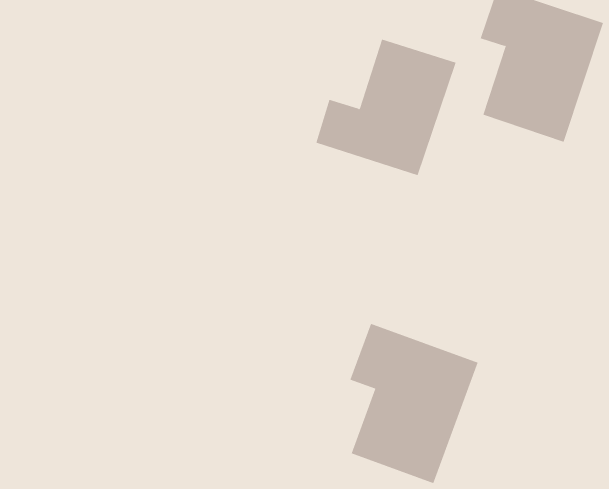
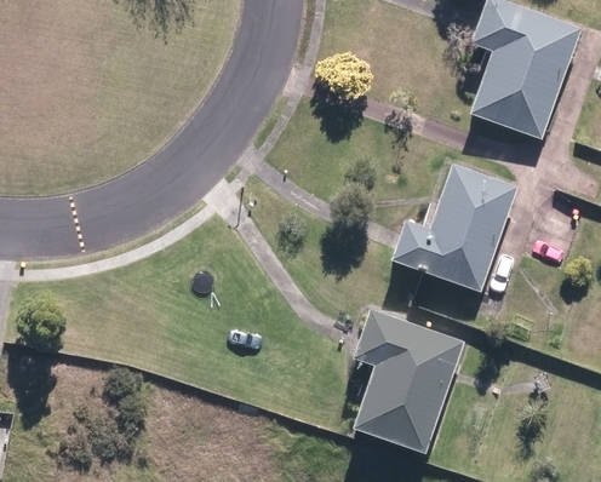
building: [316,39,456,176] -> [389,165,519,291]

